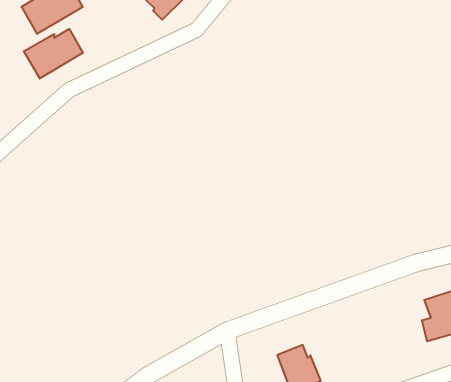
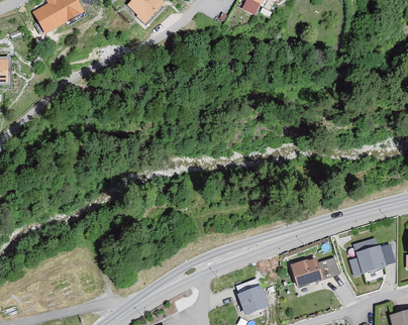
building: [24,29,83,79] -> none
building: none -> [290,257,340,289]

